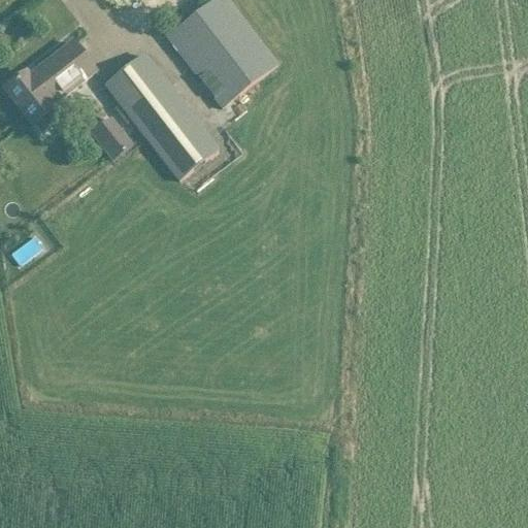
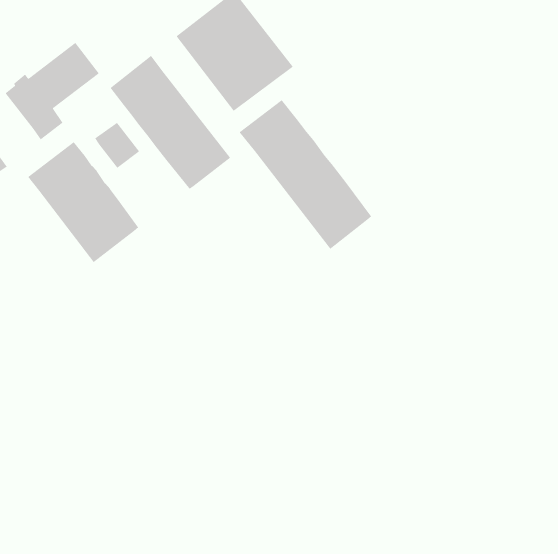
building: none -> [239,99,372,250]
building: none -> [27,141,139,263]

